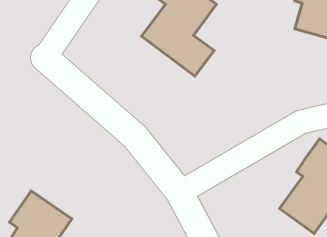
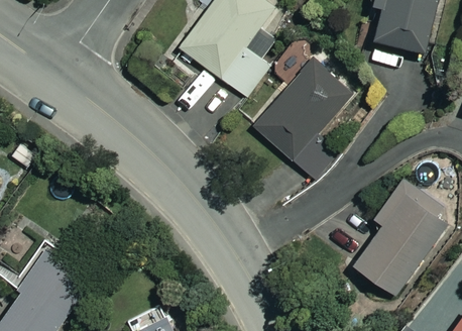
building: none -> [254,59,354,180]

